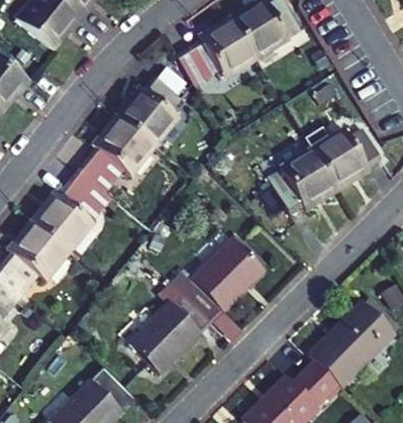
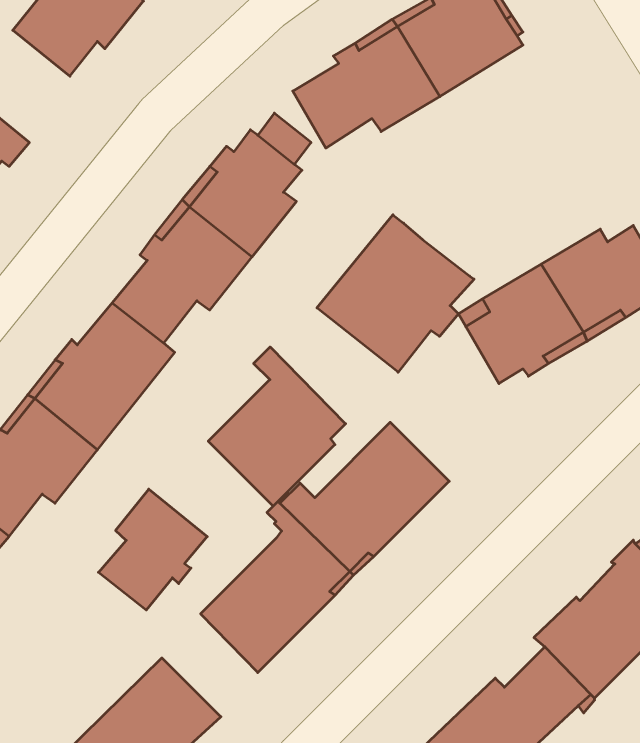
building: none -> [317,215,474,372]
building: none -> [208,347,346,506]
building: none -> [98,489,207,610]

